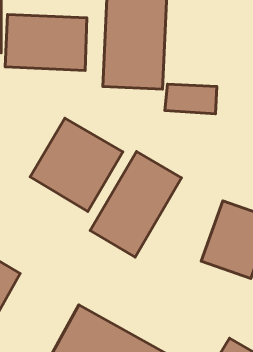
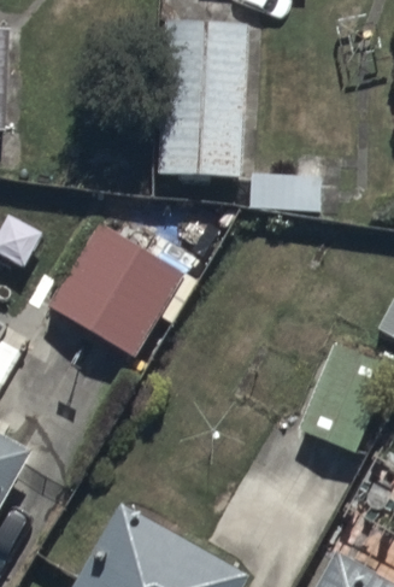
building: [5,14,87,71] -> none
building: [90,152,181,257] -> none

